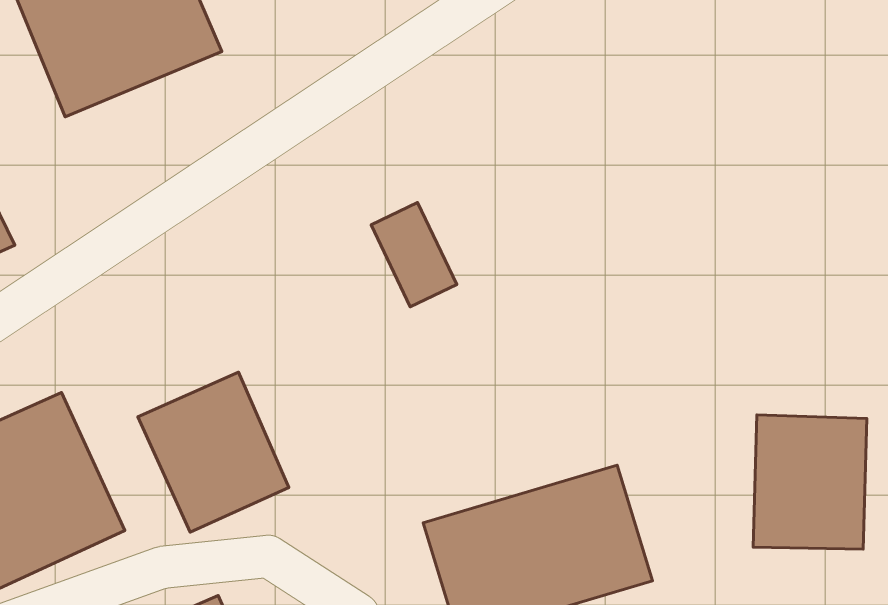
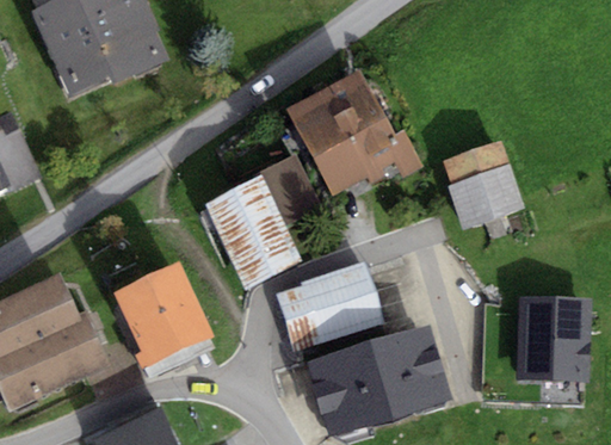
building: none -> [294,80,422,197]
building: none -> [444,147,521,227]
building: none -> [205,180,301,292]
building: none -> [269,260,377,347]

